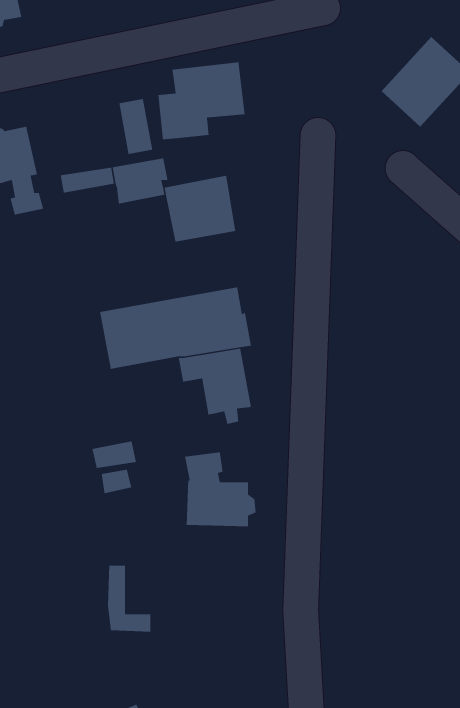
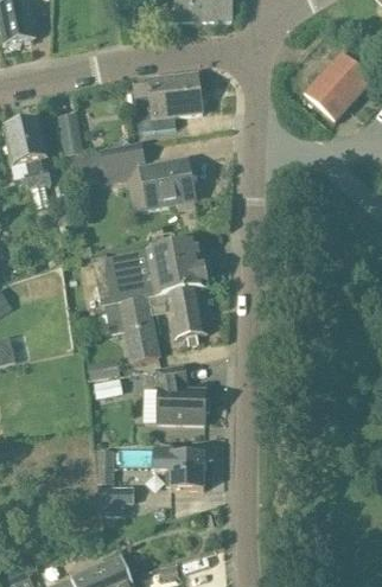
building: [118,98,153,155] -> [56,113,82,155]
building: none -> [106,294,160,362]
building: none -> [154,449,203,489]

